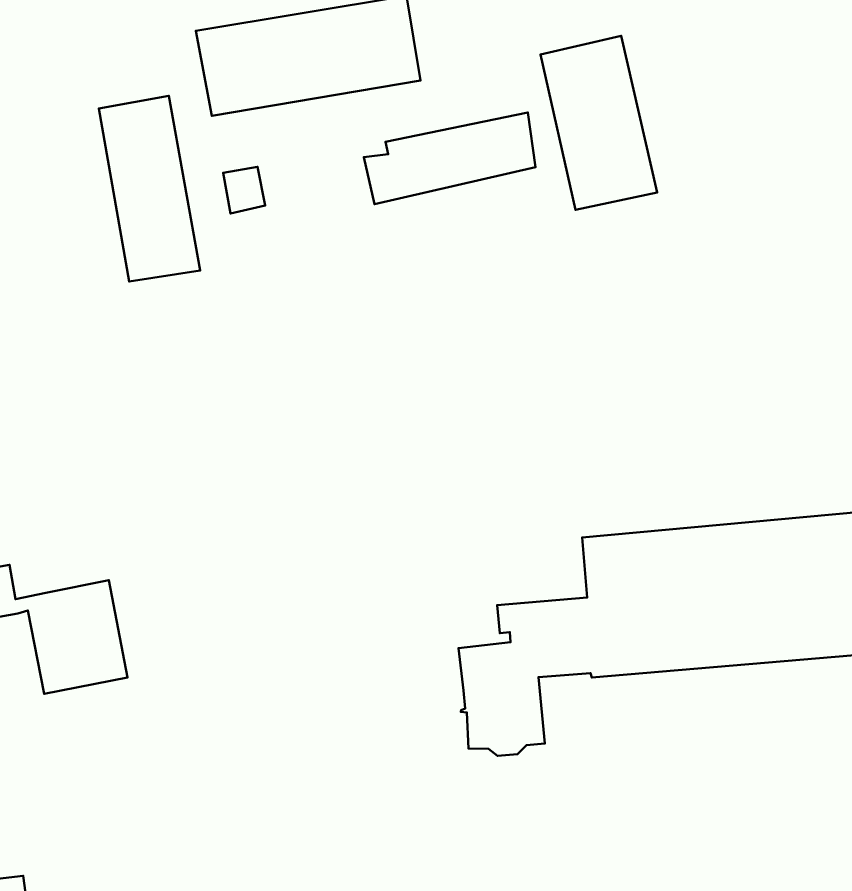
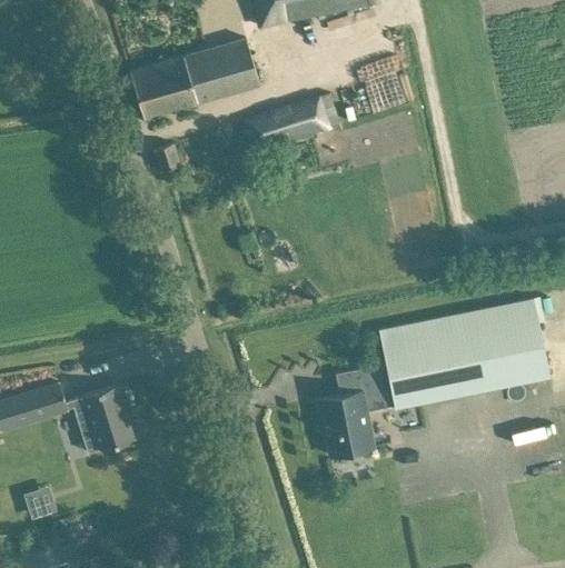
building: [540,36,657,210] -> none
building: [99,96,200,282] -> none

